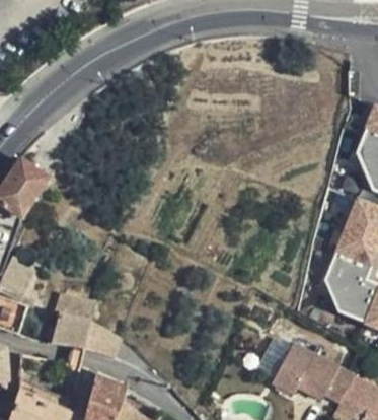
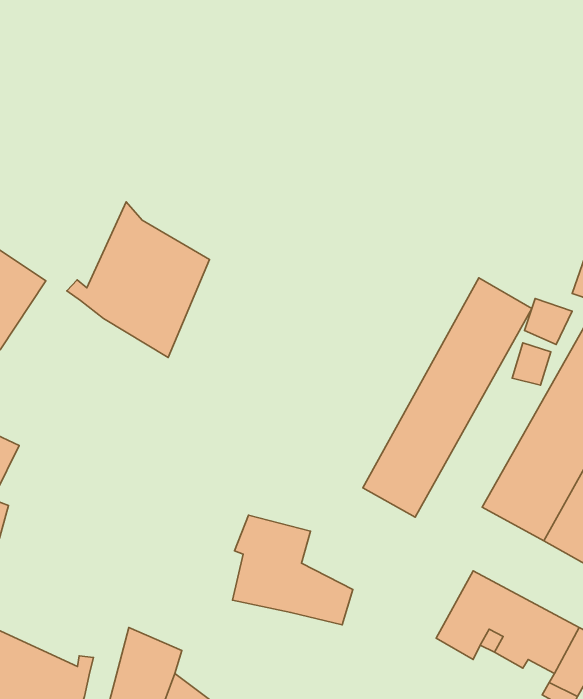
building: none -> [67,202,209,358]
building: none -> [363,278,532,517]
building: [52,294,121,357] -> [233,515,353,625]

